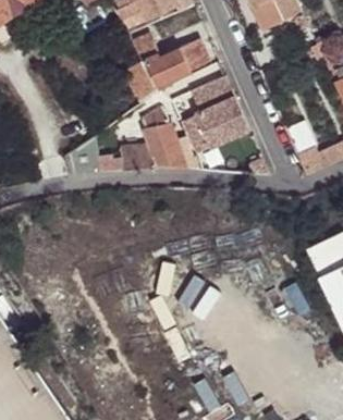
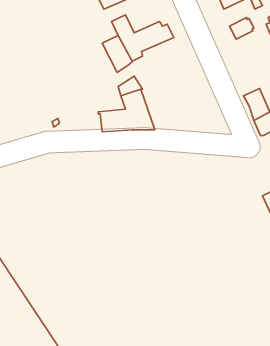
building: [179,74,248,151] -> none

